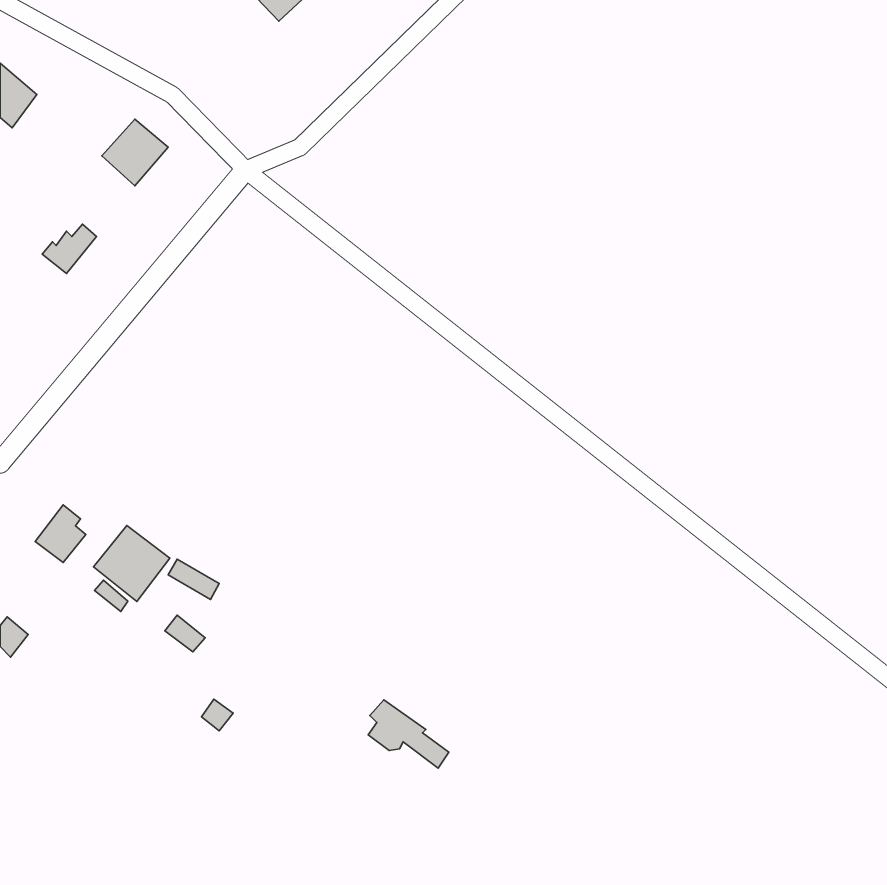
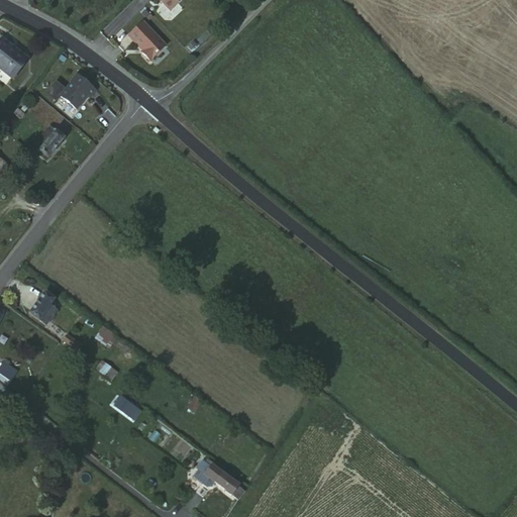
building: none -> [126,24,164,64]
building: [93,526,170,601] -> none
building: [368,700,449,768] -> [195,459,241,499]

